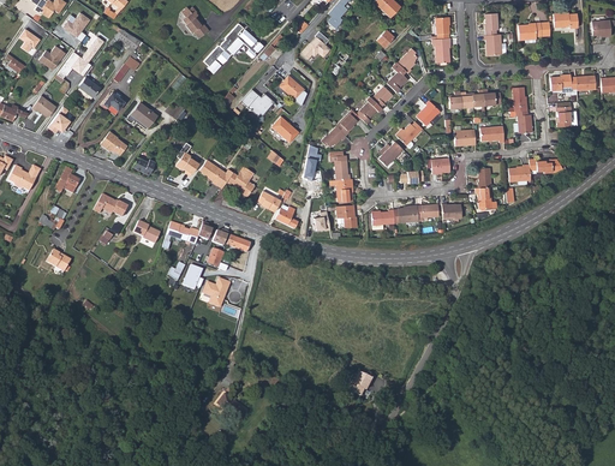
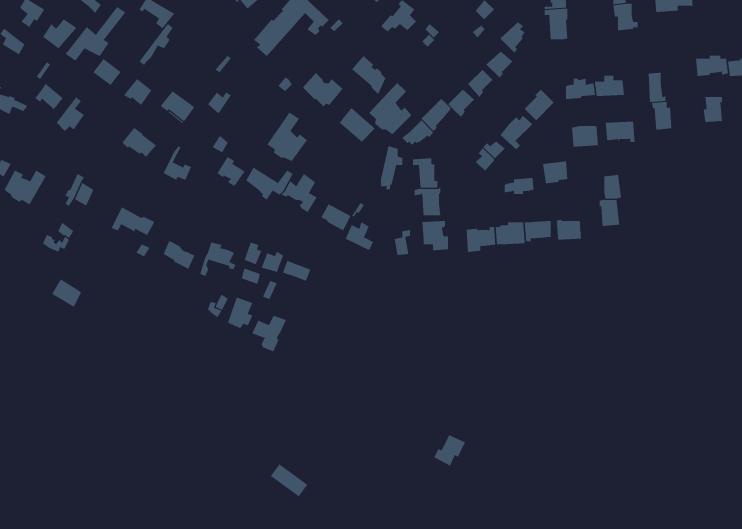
building: none -> [368,82,412,135]
building: none -> [266,111,308,162]
building: [509,159,561,183] -> none

